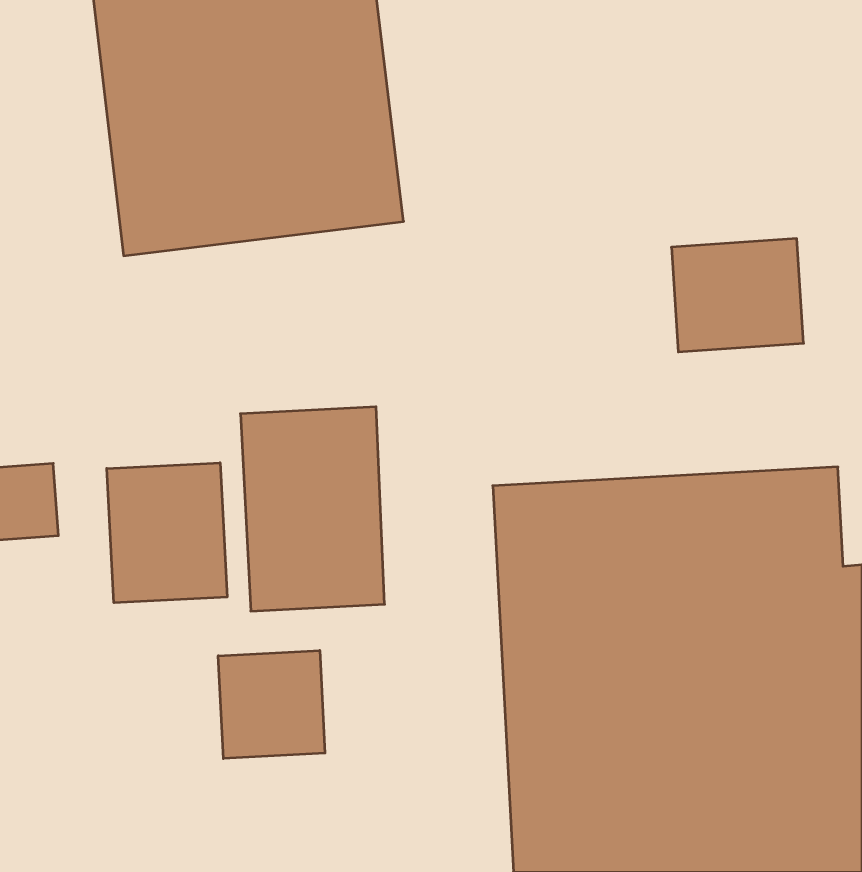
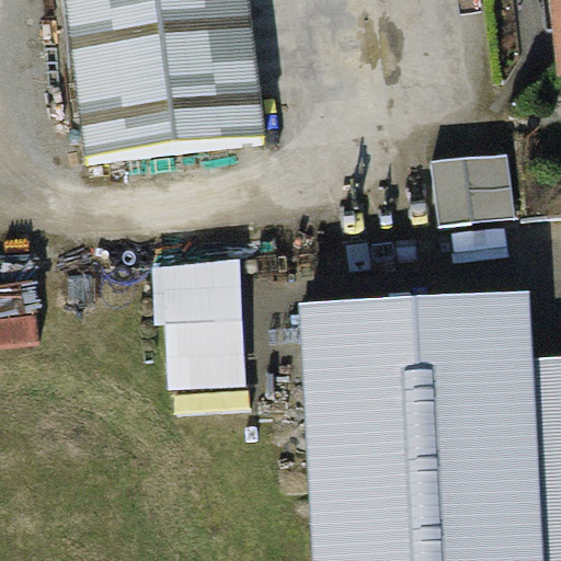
building: [107,463,227,603] -> none
building: [218,650,325,759] -> none

